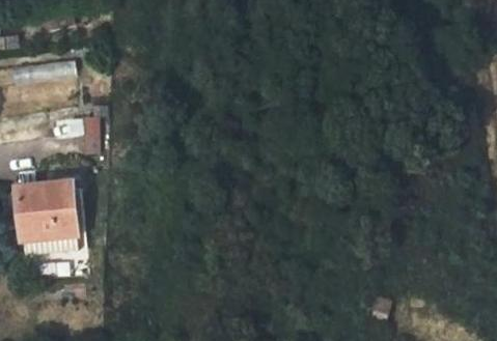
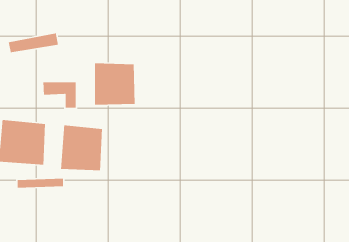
building: none -> [94,62,136,106]
building: none -> [60,124,103,171]

